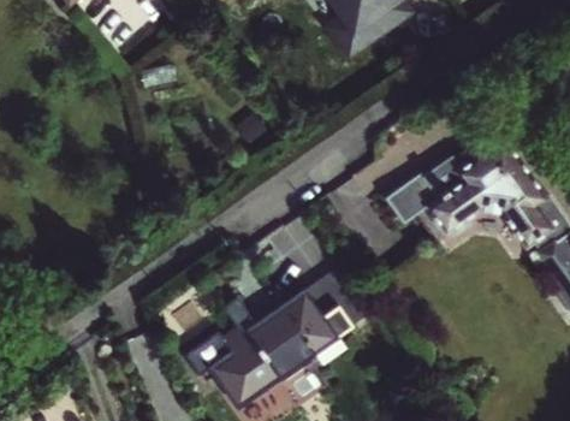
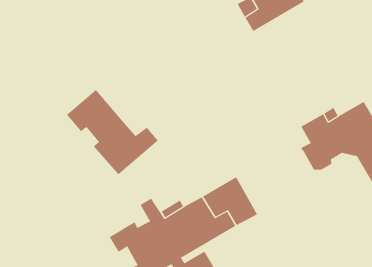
building: none -> [66,89,159,175]
building: [388,182,438,231] -> none

